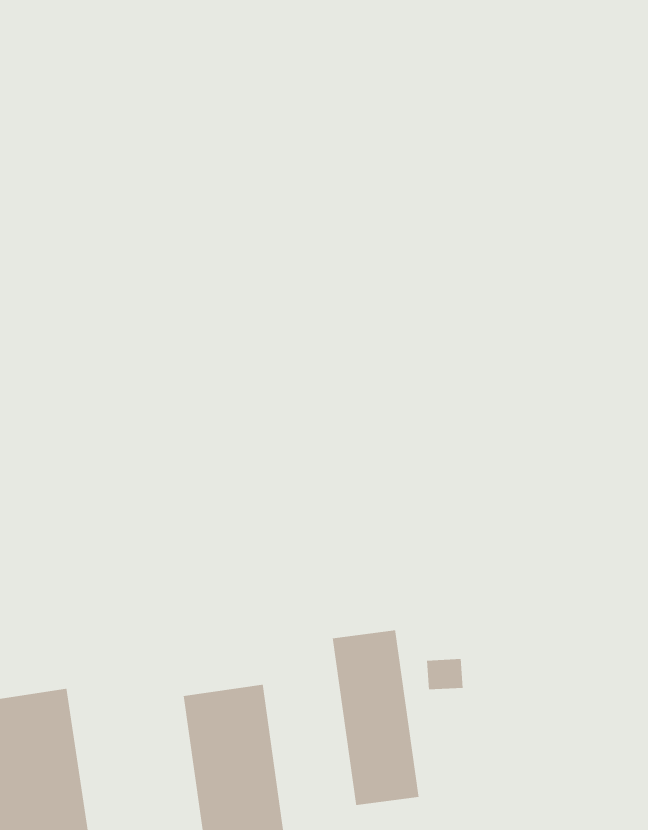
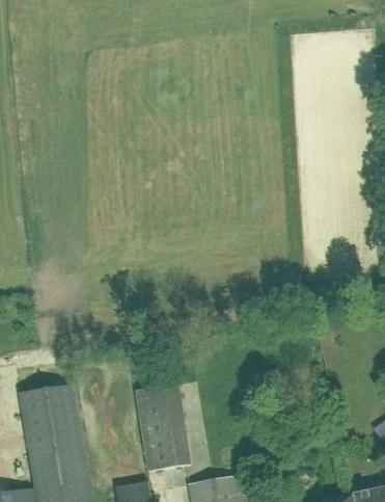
building: [332,629,419,806] -> none

